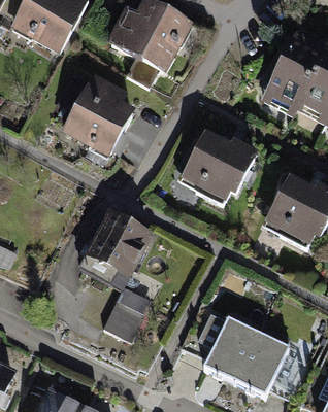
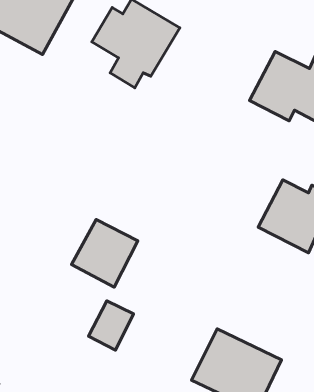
building: [51,72,134,158] -> none
building: [186,131,259,202] -> none

